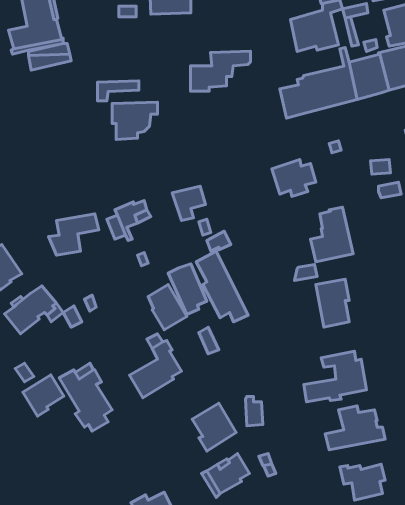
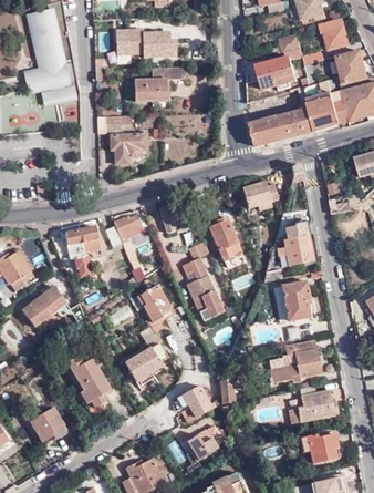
building: [190,51,250,91] -> [136,68,186,101]
building: [168,264,207,314] -> [207,218,239,260]
building: [23,375,64,416] -> [31,407,65,441]

